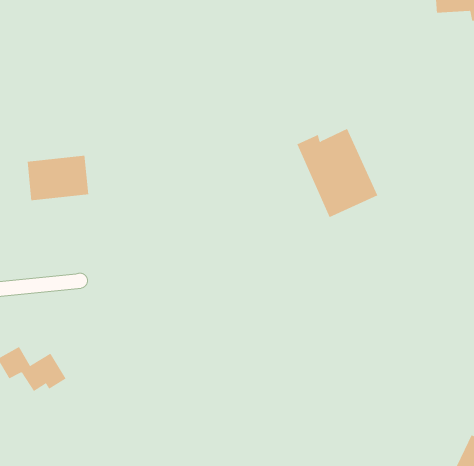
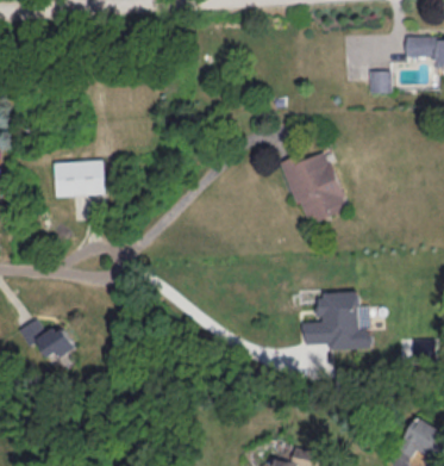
building: none -> [369,72,392,94]
building: none -> [304,293,370,350]

